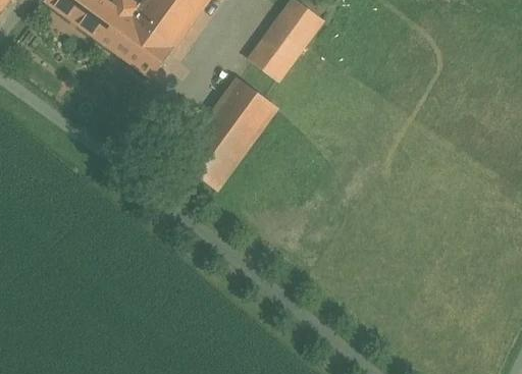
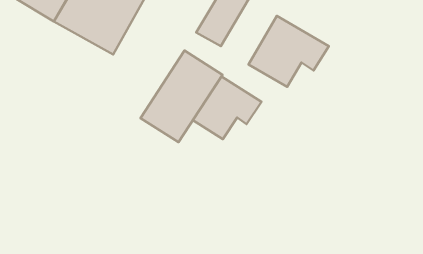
building: none -> [248,16,329,87]
building: none -> [193,76,261,139]

